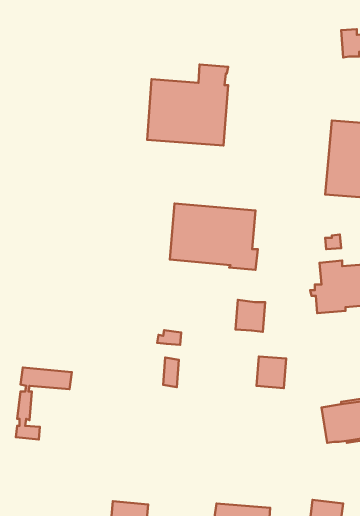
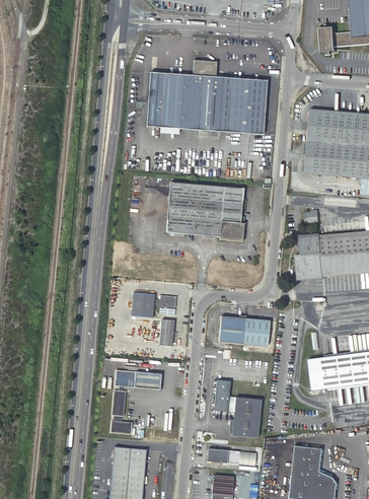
building: none -> [214,76,267,133]
building: [236,300,265,332] -> [219,315,245,344]
building: none -> [132,292,155,317]
building: [16,368,72,439] -> [110,369,160,433]
building: none -> [214,379,262,437]

